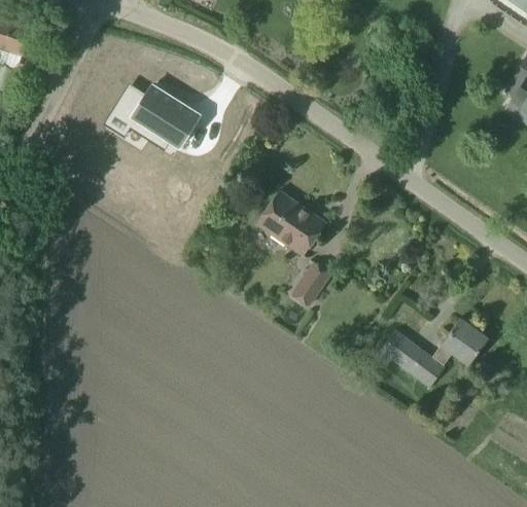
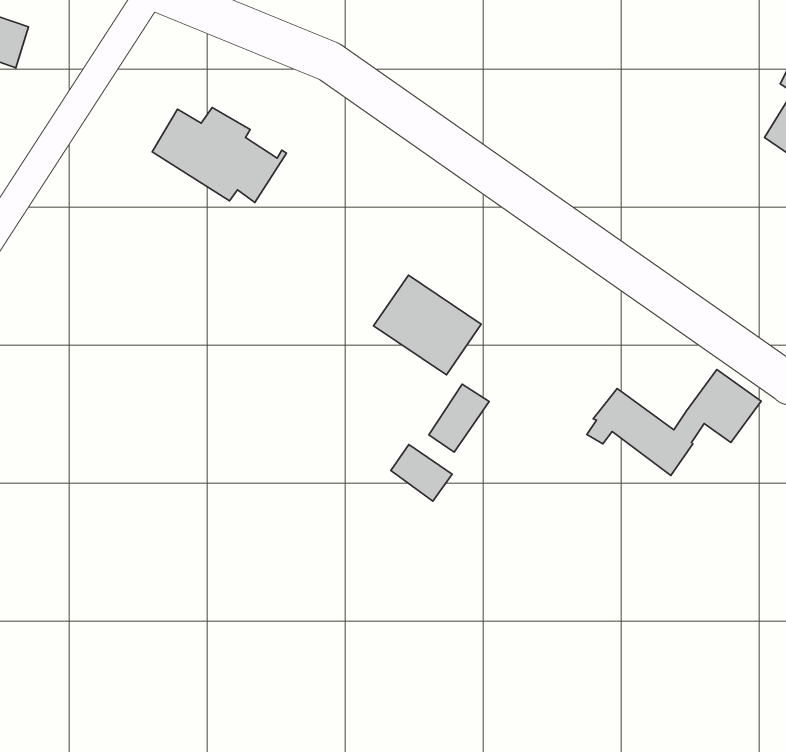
building: none -> [391,444,452,501]
building: [375,319,488,388] -> [587,370,761,476]

